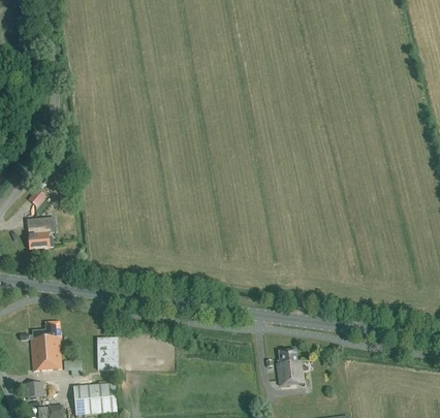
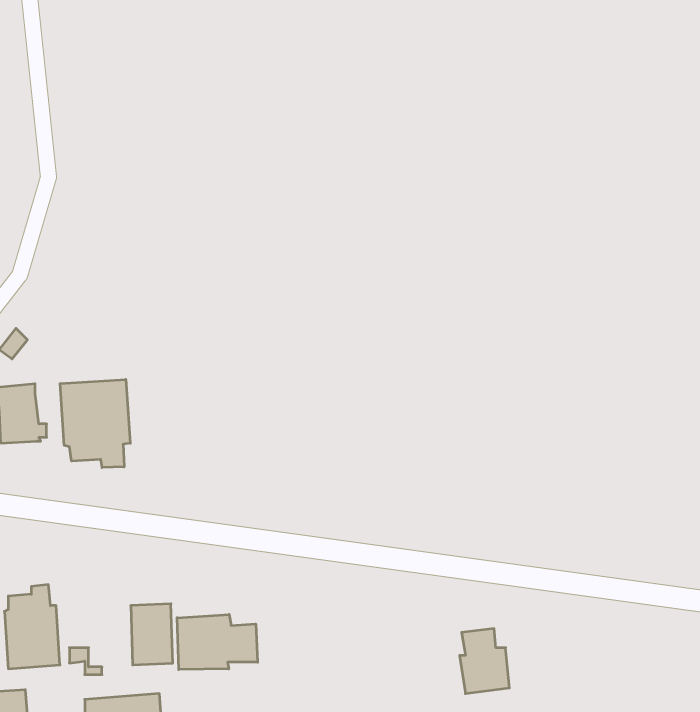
building: none -> [60,379,130,468]
building: none -> [177,614,258,670]

